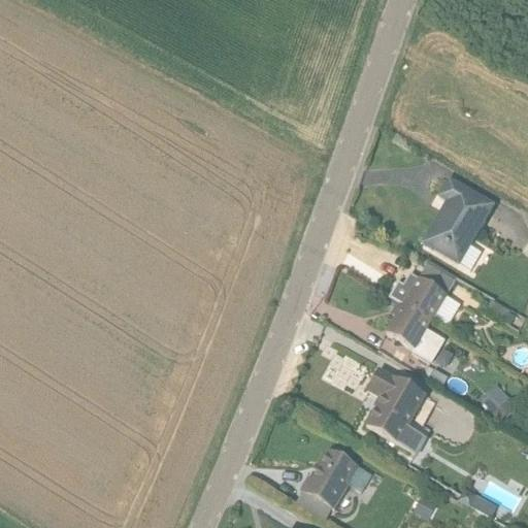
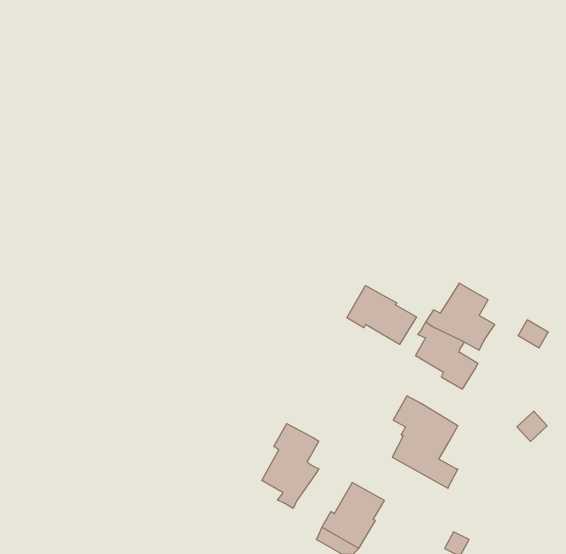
building: [421,175,495,264] -> none
building: none -> [347,286,416,344]
building: none -> [262,424,319,508]

